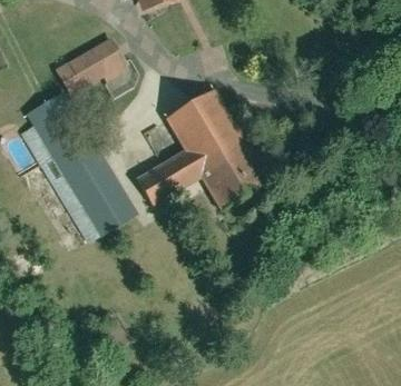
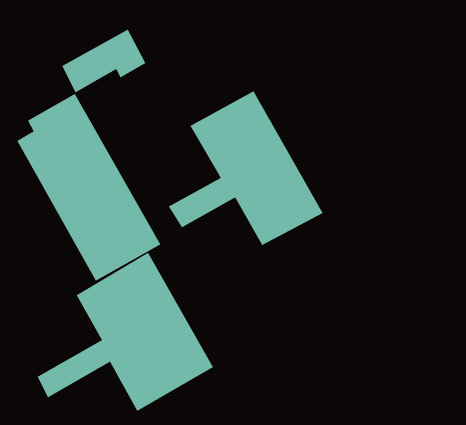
building: none -> [37,252,214,412]

